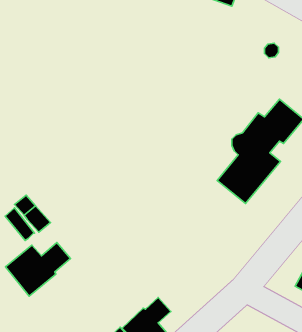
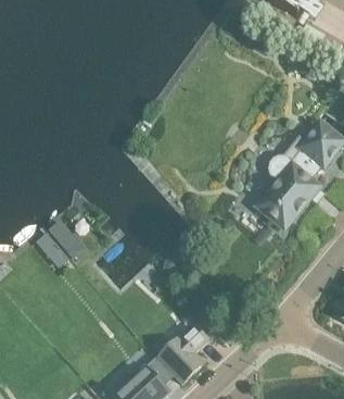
building: [5,243,70,296] -> none

